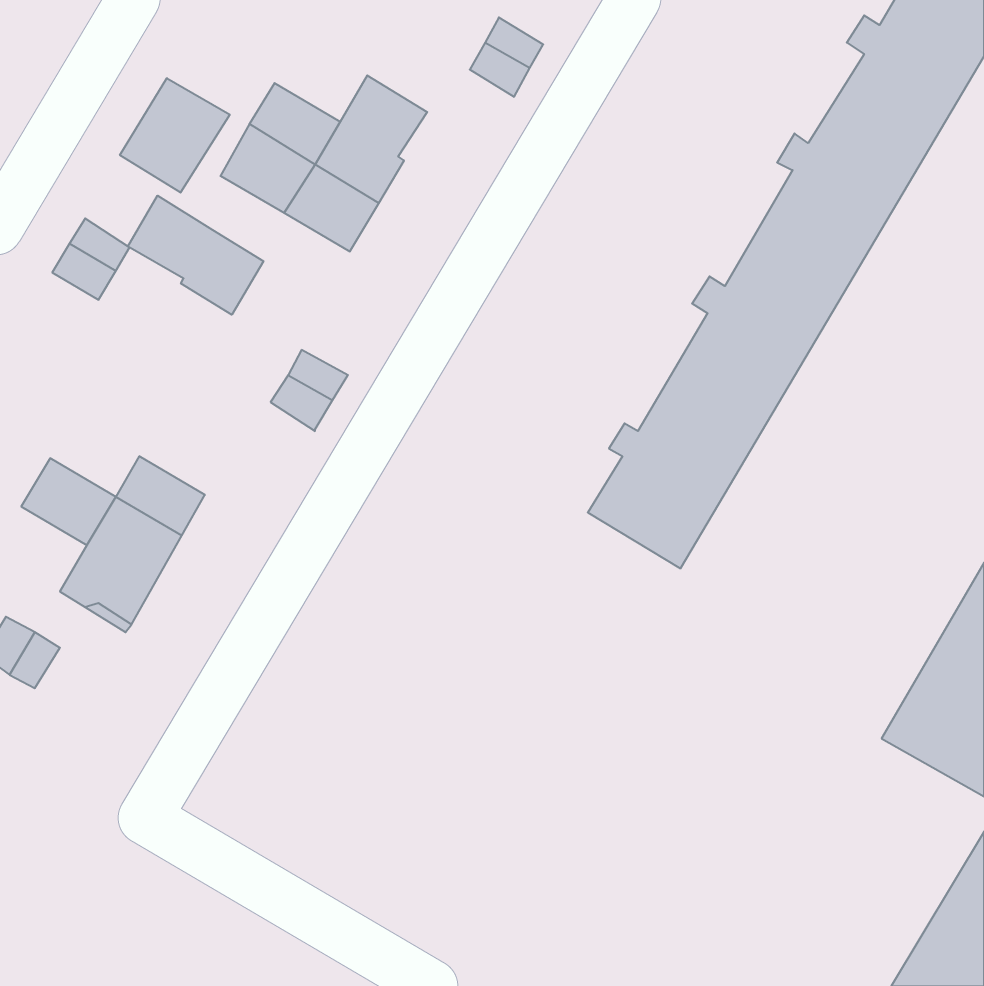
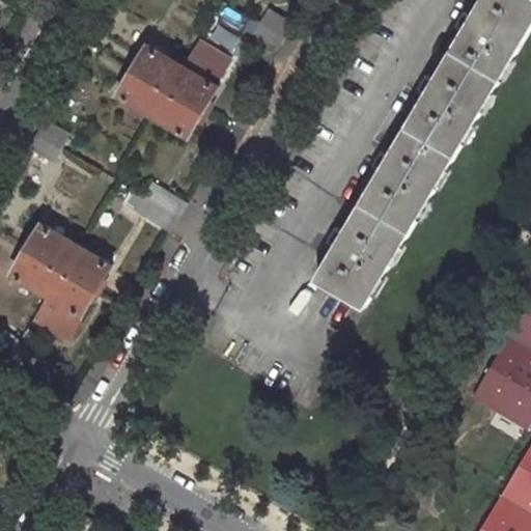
building: [120,78,230,193] -> none
building: [128,196,263,315] -> none
building: none -> [27,224,75,267]

